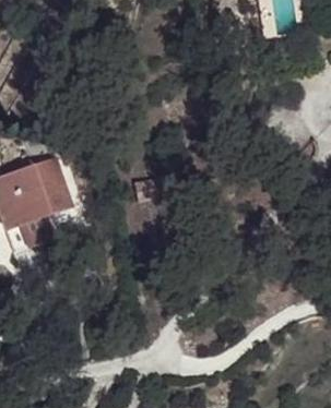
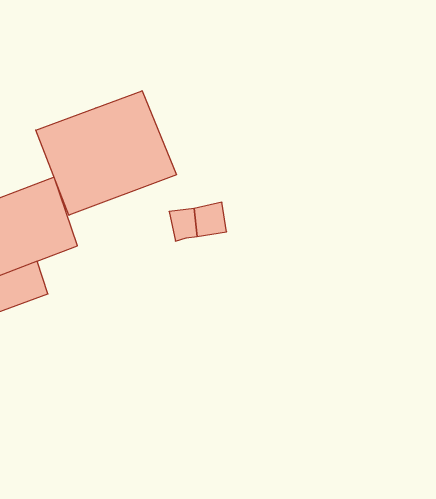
building: none -> [36,91,177,215]

